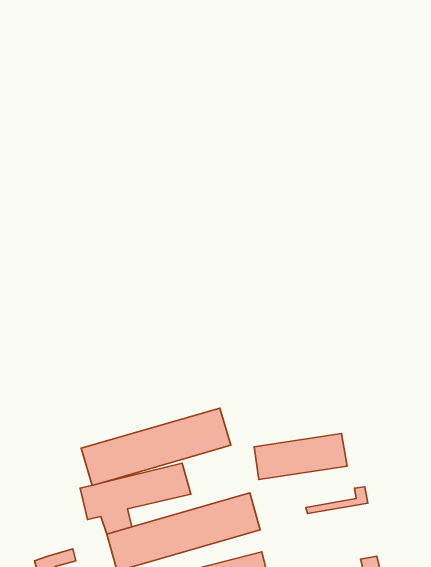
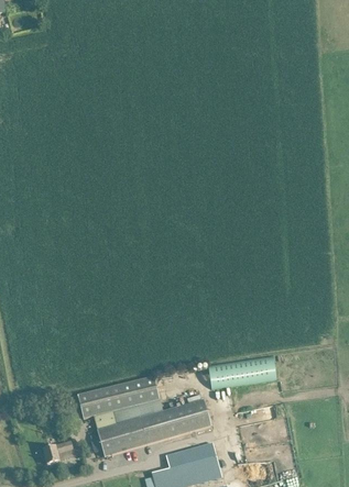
building: [81,408,231,485] -> none

